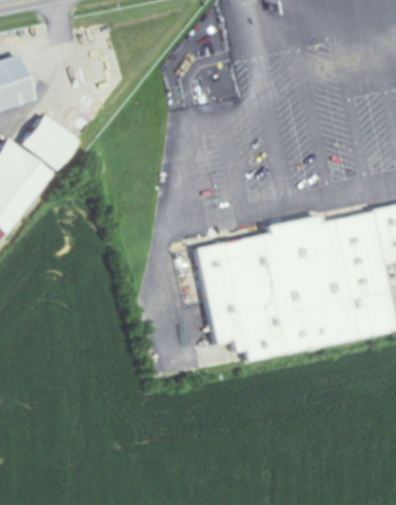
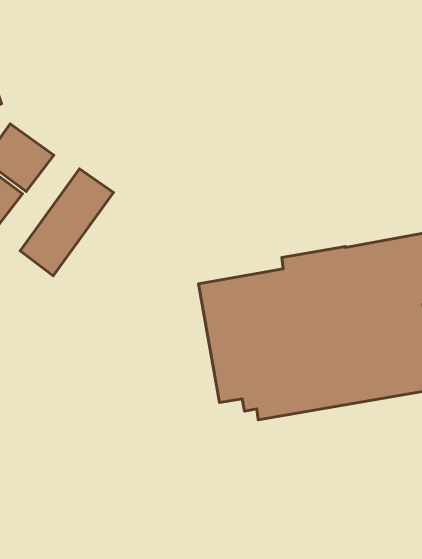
building: none -> [20,169,113,276]

